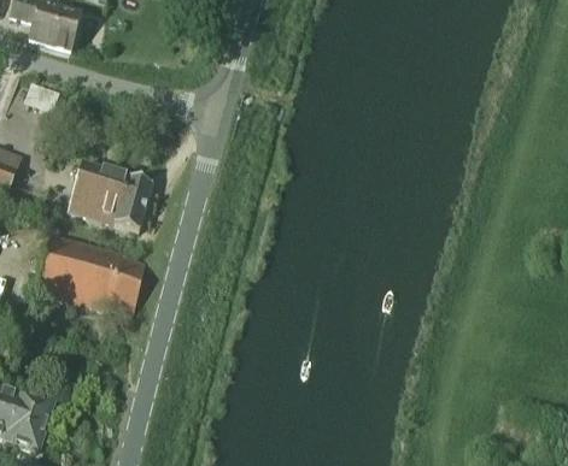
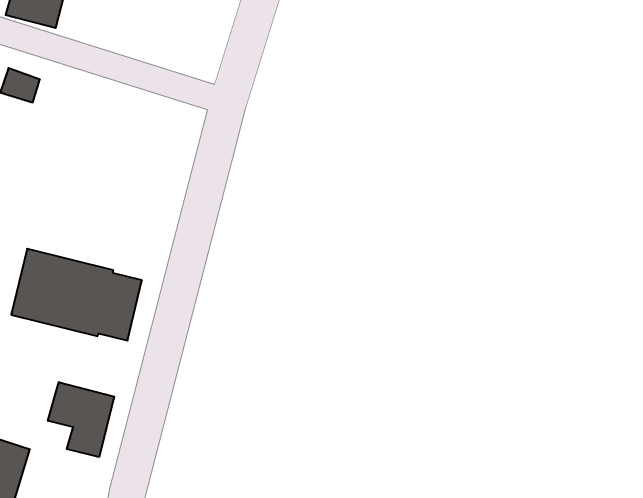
building: [69,163,152,229] -> none
building: none -> [48,382,114,457]

